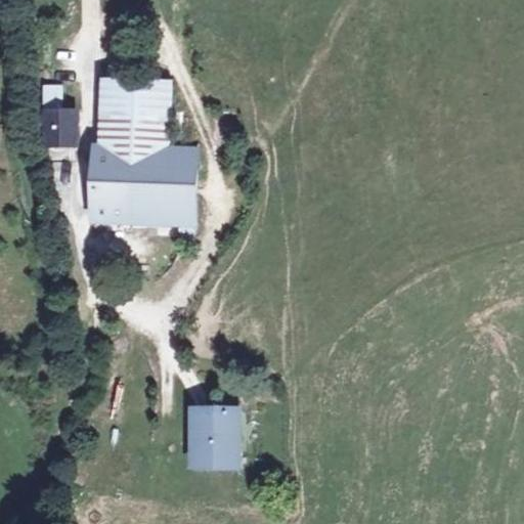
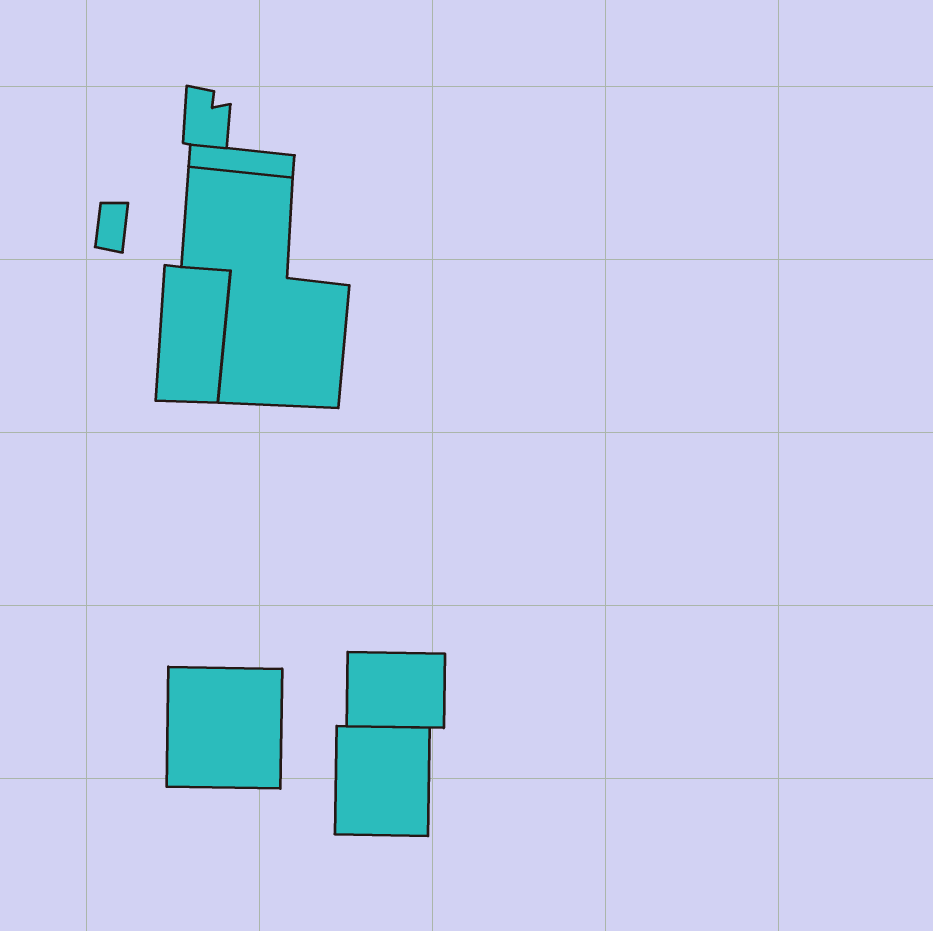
building: none -> [347,652,445,728]
building: none -> [167,667,282,789]

